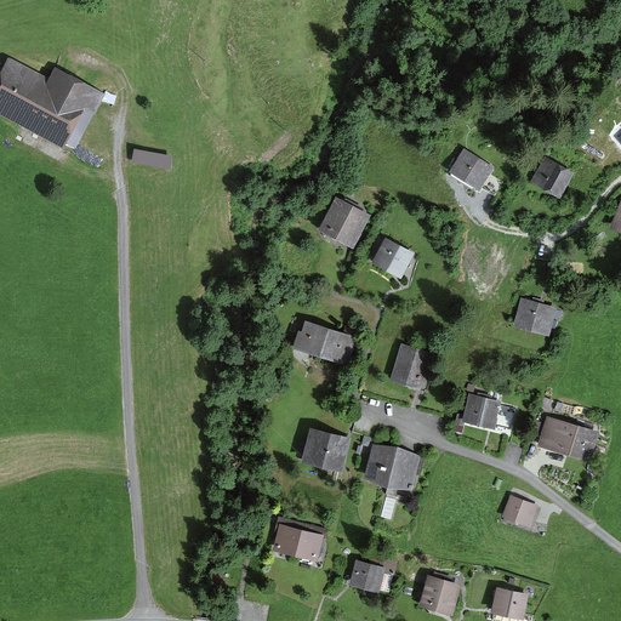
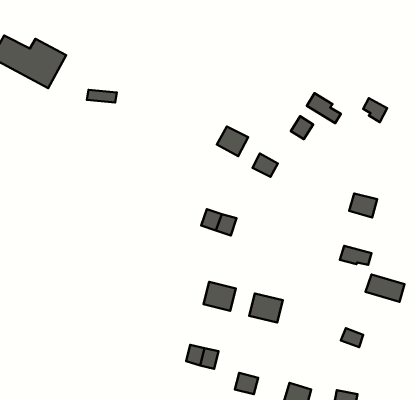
building: none -> [291,116,313,139]
building: [391,346,427,387] -> none
building: [466,398,512,426] -> [340,246,371,265]

